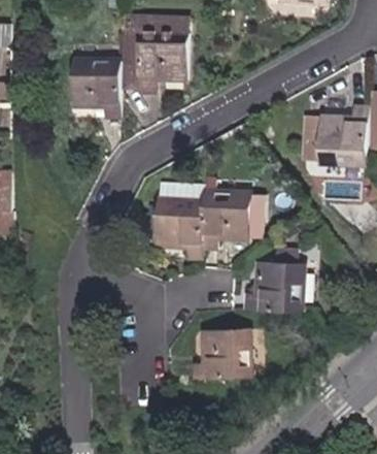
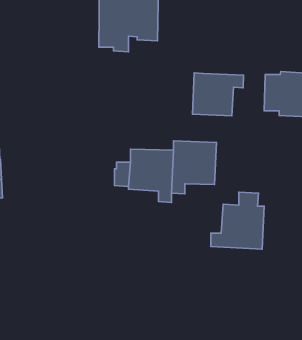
building: [72,58,119,118] -> none
building: none -> [192,73,243,116]
building: [194,328,253,379] -> none

